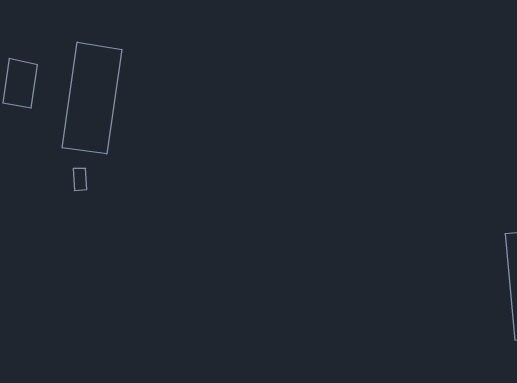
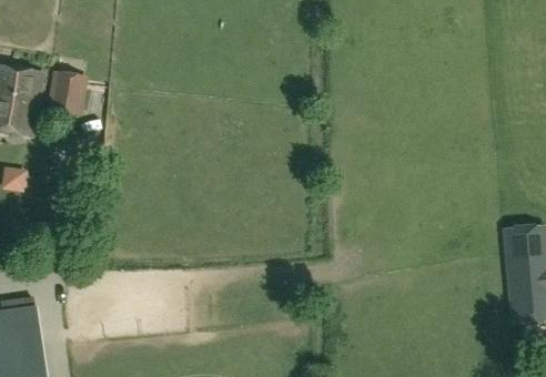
building: [62,42,122,154] -> none

